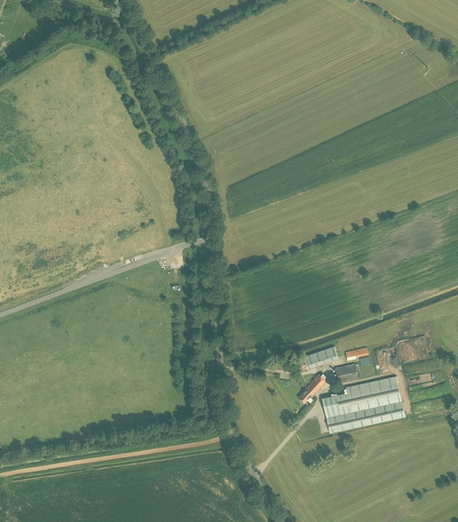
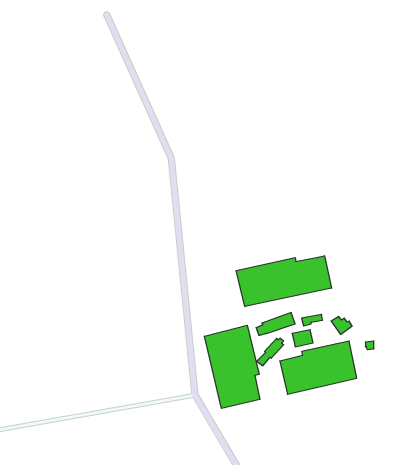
building: none -> [236,256,332,307]
building: none -> [205,325,260,408]

